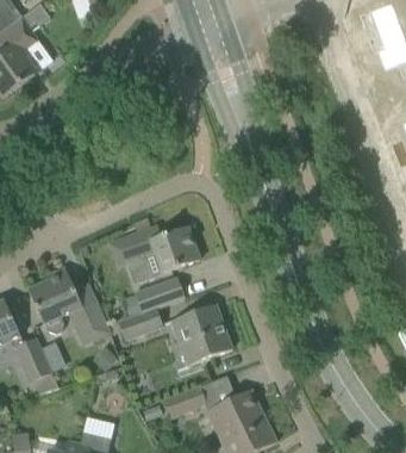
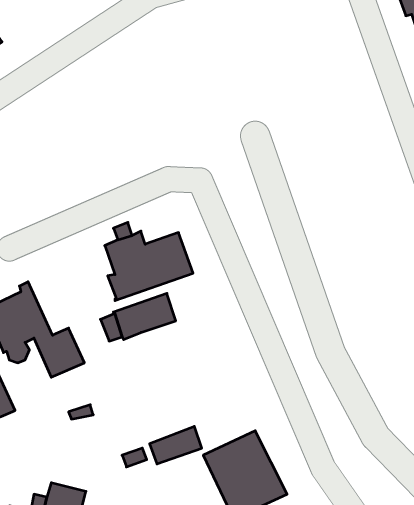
building: [170,303,231,365] -> none
building: [118,308,163,340] -> none

